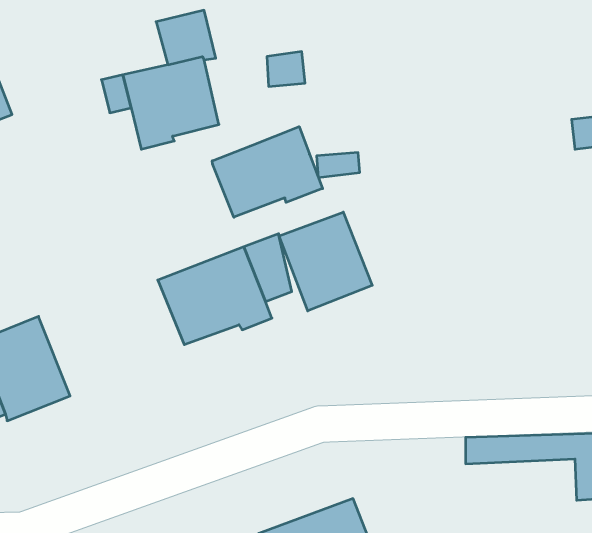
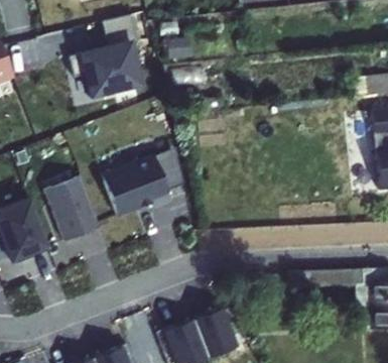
building: [212,127,323,217] -> none
building: [279,212,372,311] -> none
building: none -> [45,175,101,240]

